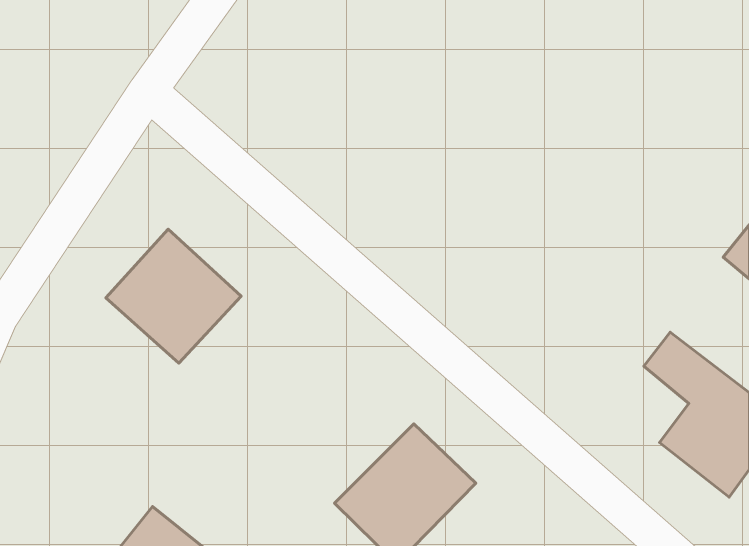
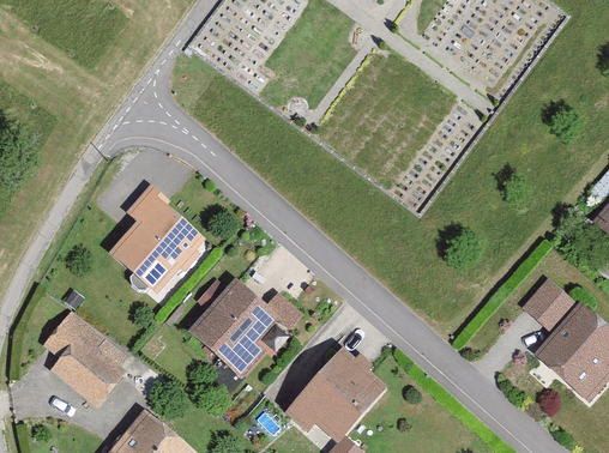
building: none -> [191,278,291,379]
building: none -> [34,303,133,398]

